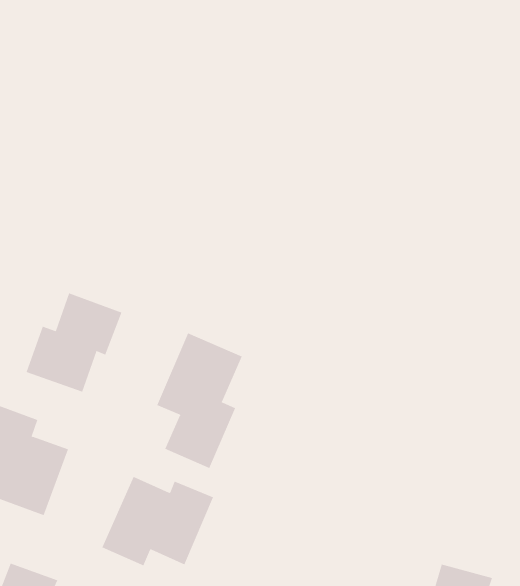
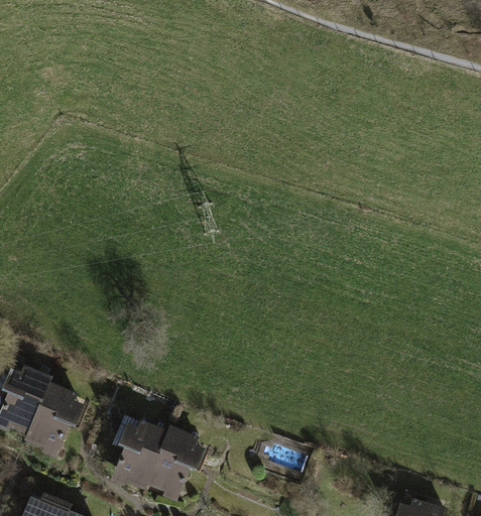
building: [26,293,122,392] -> none
building: [156,333,243,469] -> none

